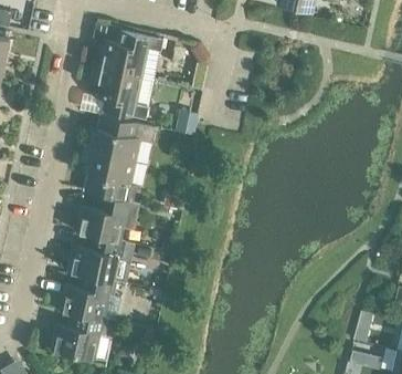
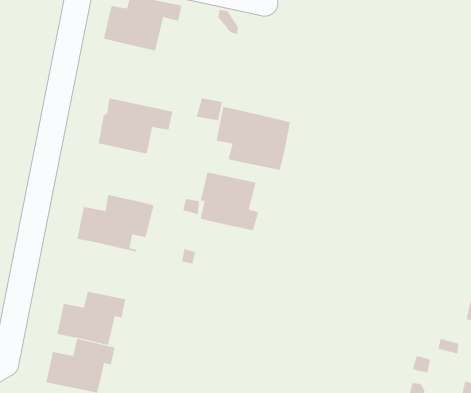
building: [93,66,155,120] -> [216,106,291,171]
building: [88,153,137,201] -> [200,172,259,231]
building: [67,235,126,281] -> none

